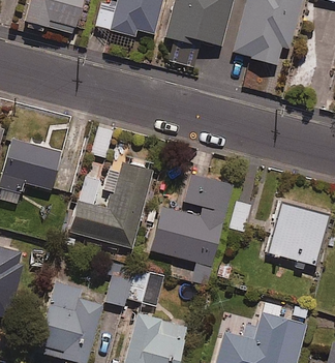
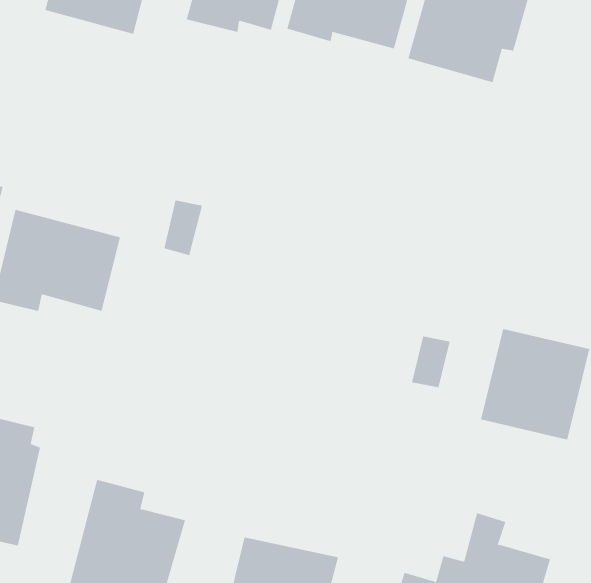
building: [67,158,151,244] -> none
building: [153,176,234,286] -> none
building: [106,267,164,308] -> none

